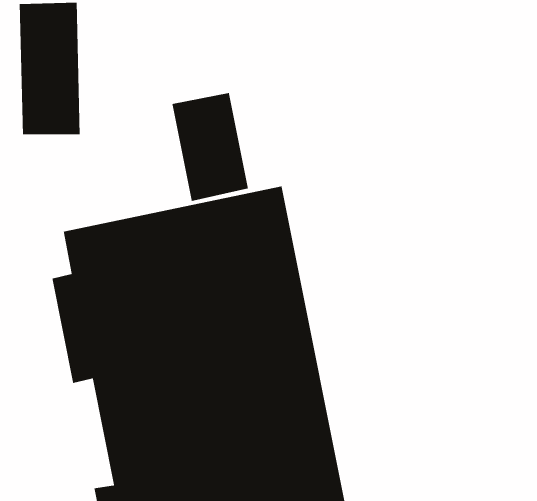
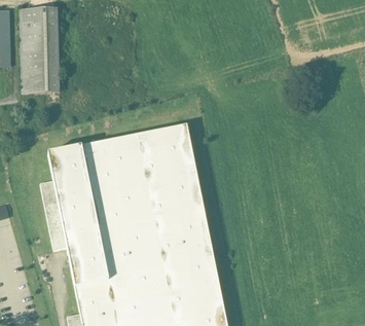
building: [171,92,249,202] -> none

